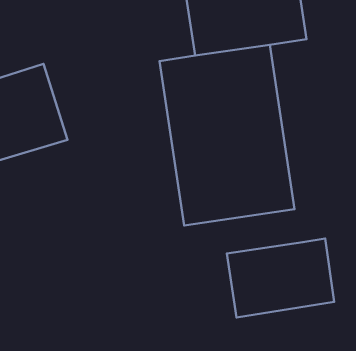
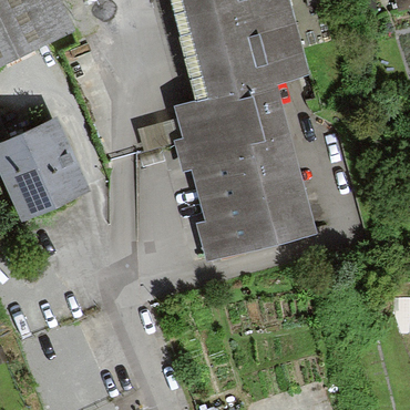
building: [227,239,334,317] -> none

